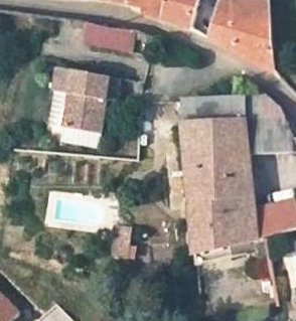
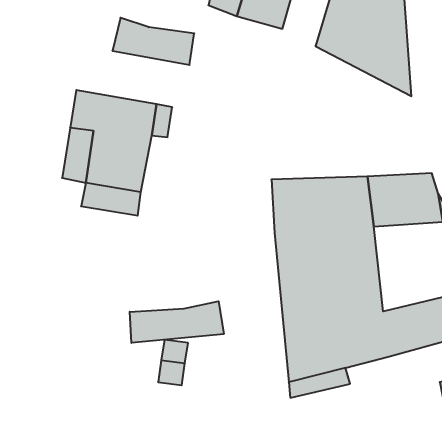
building: [182,97,286,124] -> none
building: none -> [130,301,224,343]

